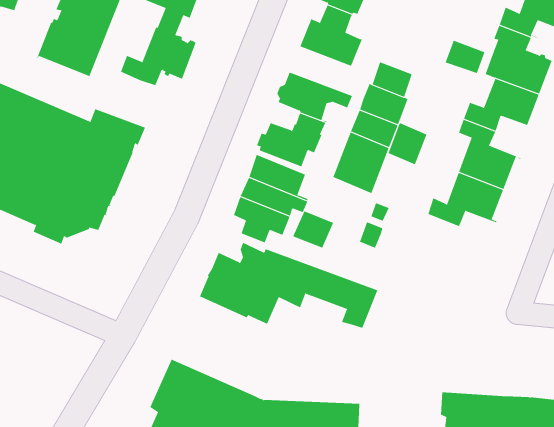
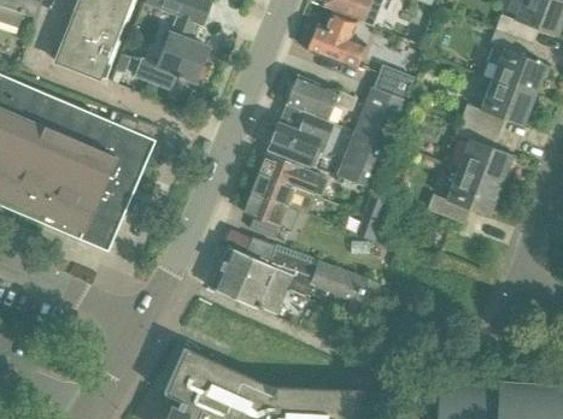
building: [445,40,485,74] -> none
building: [388,122,427,165] -> none
building: [293,210,334,248] -> none

